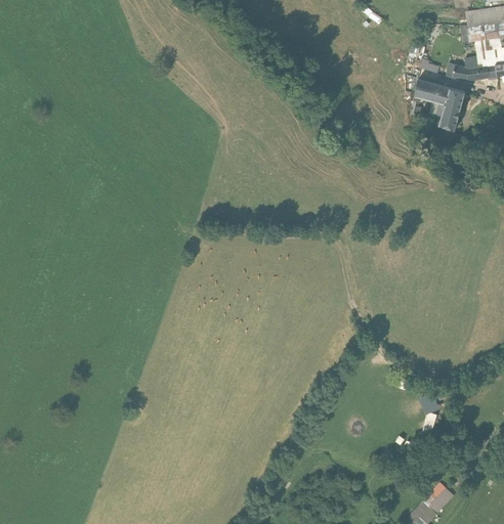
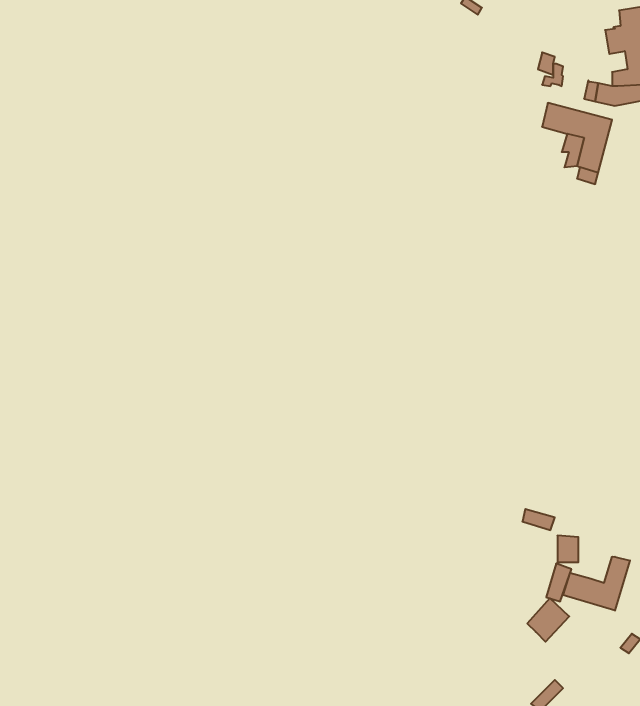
building: none -> [563,557,630,611]
building: [424,482,455,514] -> [527,598,569,642]

